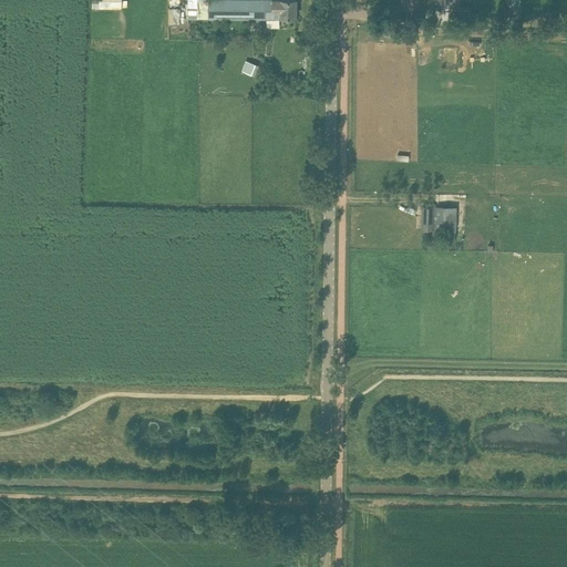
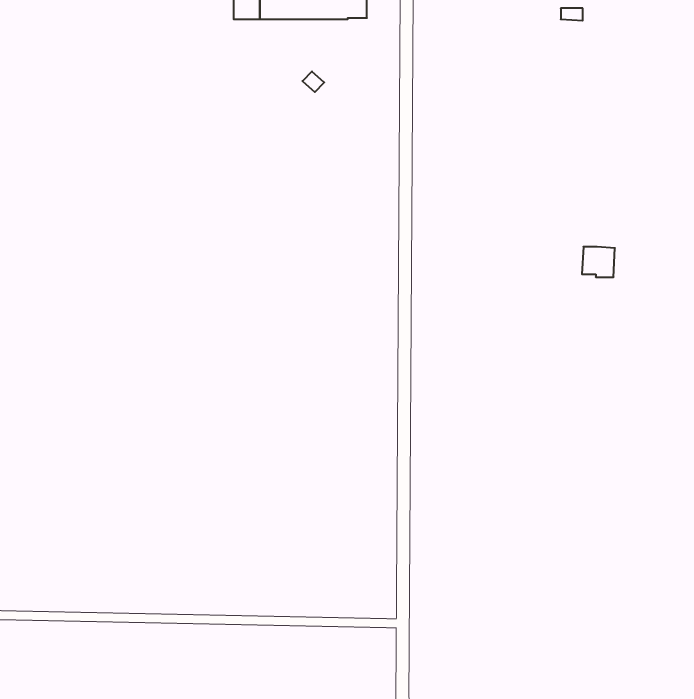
building: [429,204,455,228] -> [582,247,615,277]

